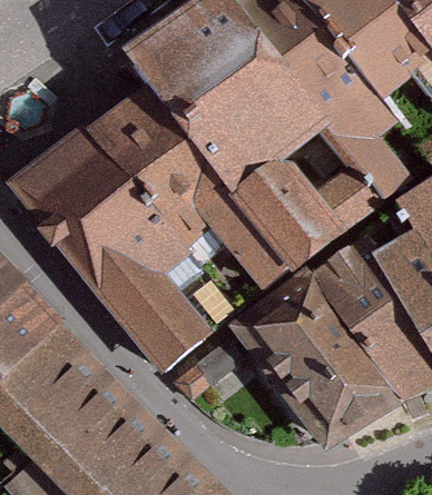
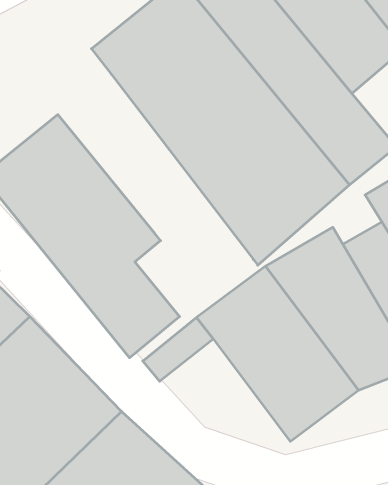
building: [90,83,285,288] -> none

